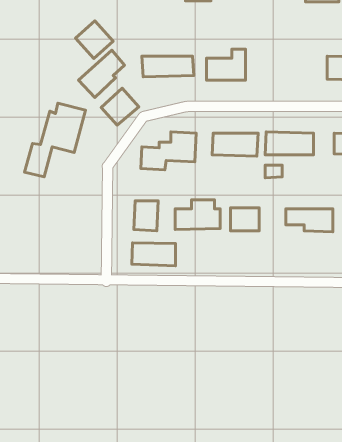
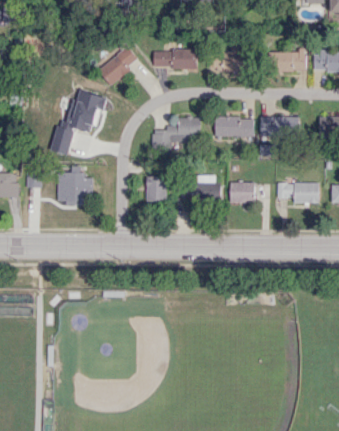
building: [75,21,113,58] -> none
building: none -> [267,51,305,71]
building: [101,88,139,125] -> none
building: none -> [57,172,93,201]
building: [132,243,176,266] -> none

